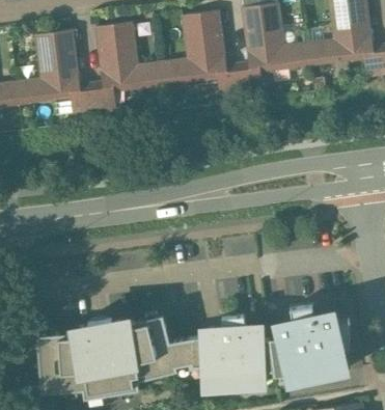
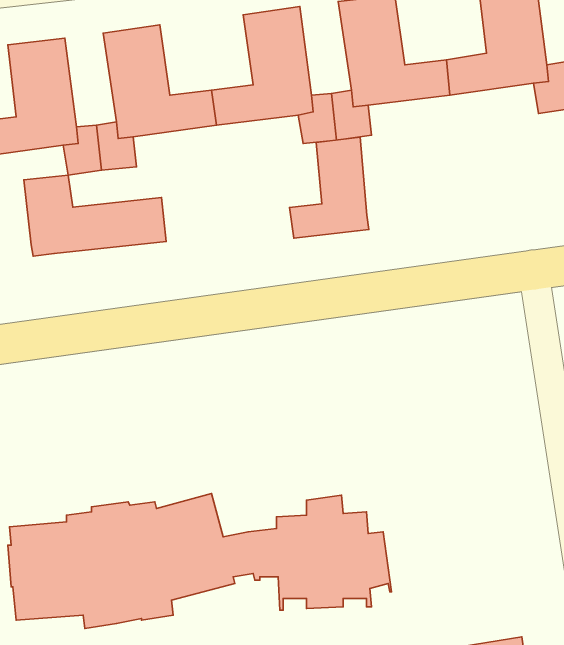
building: none -> [290,137,369,238]
building: none -> [24,175,166,256]
building: [271,305,351,388] -> none

